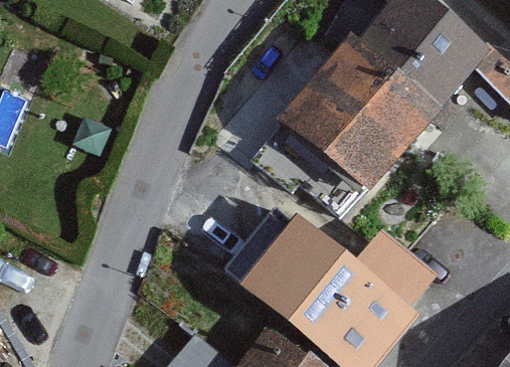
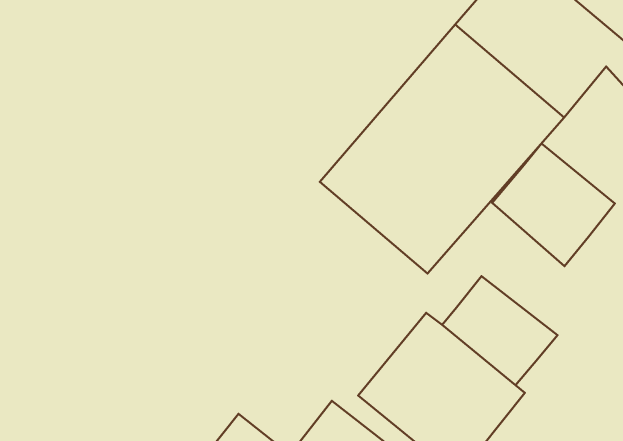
building: none -> [492,143,615,266]
building: [223,206,338,320] -> none

